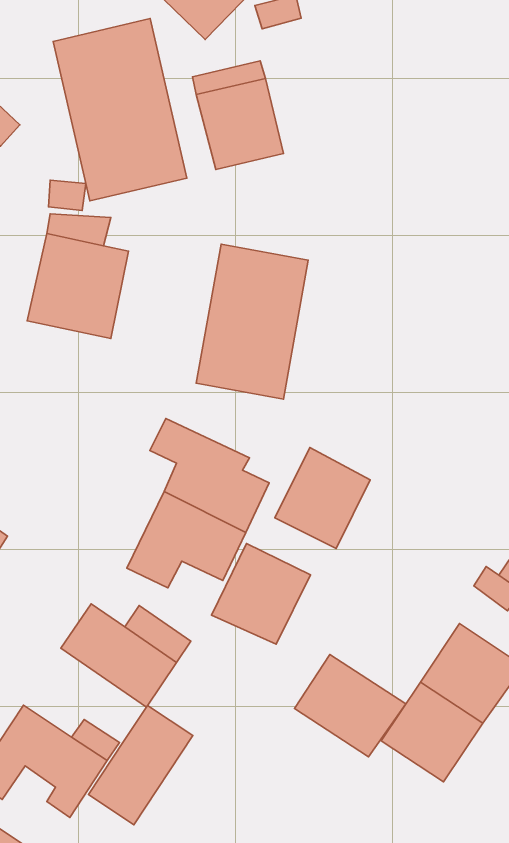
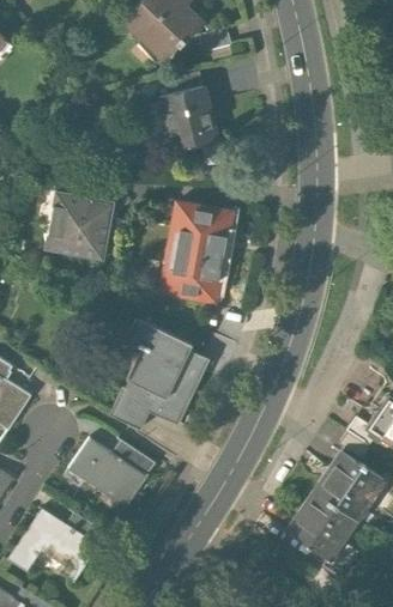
building: [53,19,187,201] -> none
building: [275,447,370,548] -> none
building: [211,544,310,644] -> none
building: [294,654,406,757] -> none
building: [89,705,193,825] -> none

